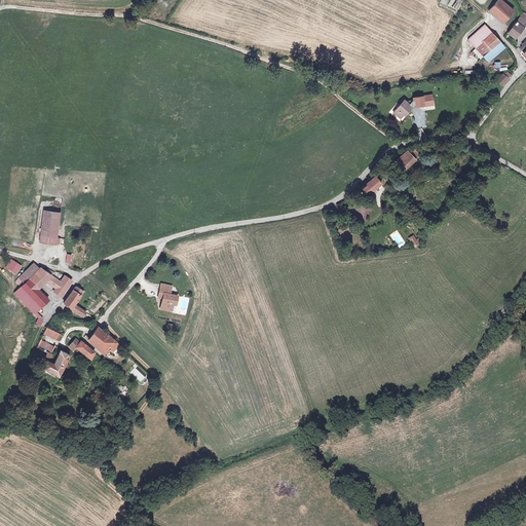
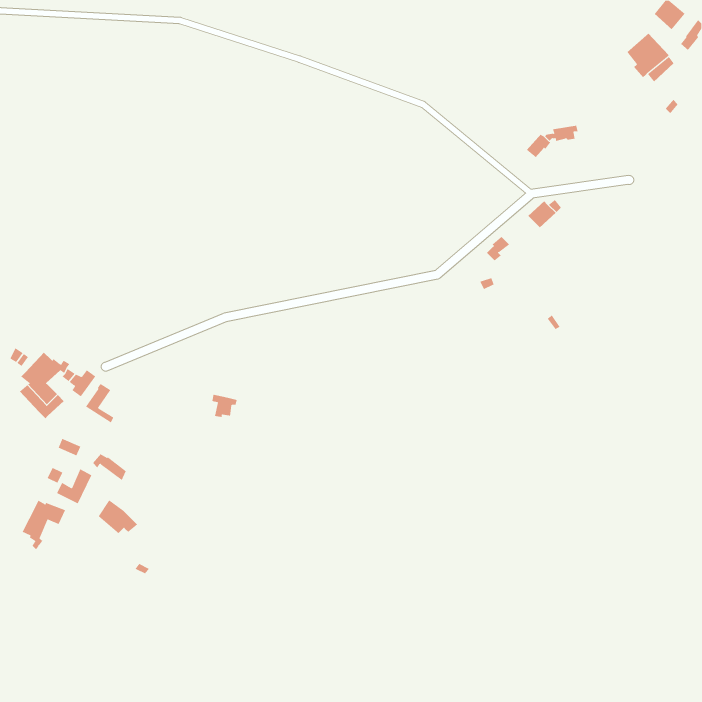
building: [40,211,61,243] -> none
building: [89,328,119,353] -> [98,500,138,534]
building: none -> [22,500,66,550]

